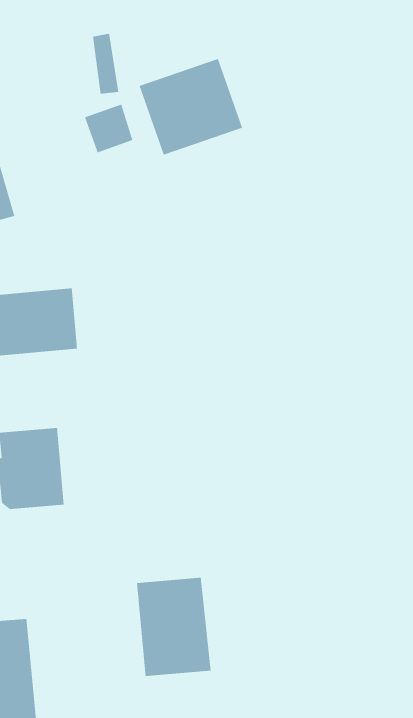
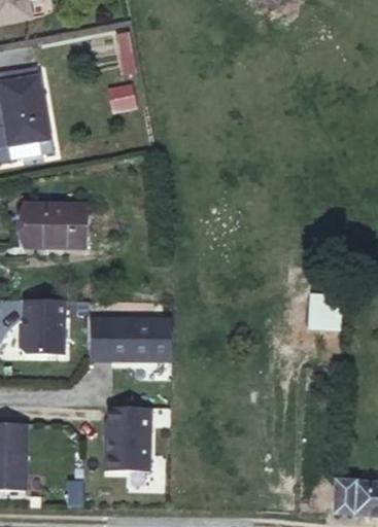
building: [139,58,243,156] -> none
building: none -> [88,321,174,367]

